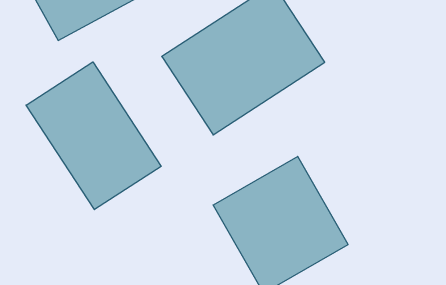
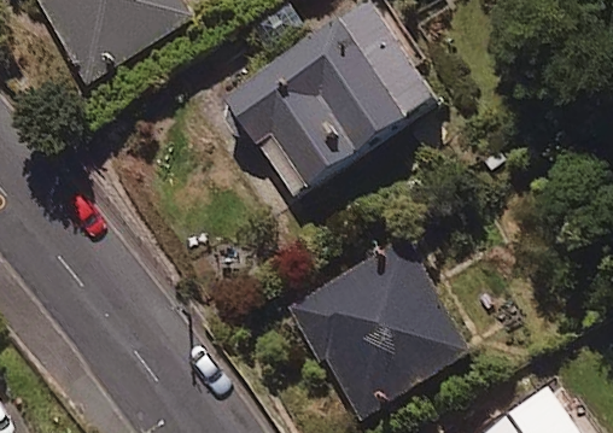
building: [26,62,161,210] -> none

